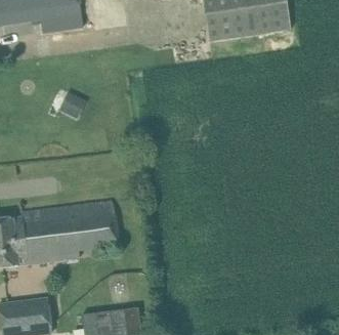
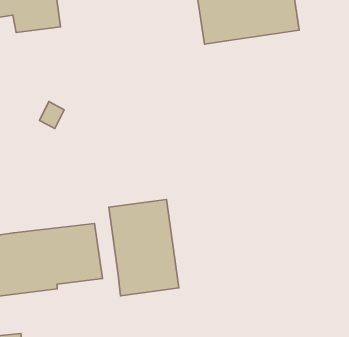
building: none -> [109,200,179,296]

